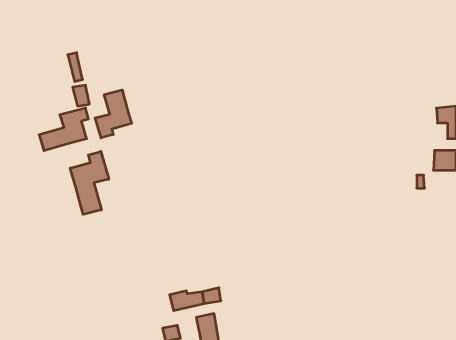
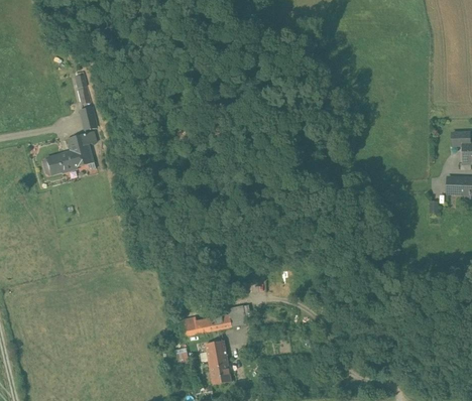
building: [95,90,132,138] -> none
building: [70,151,109,214] -> none

